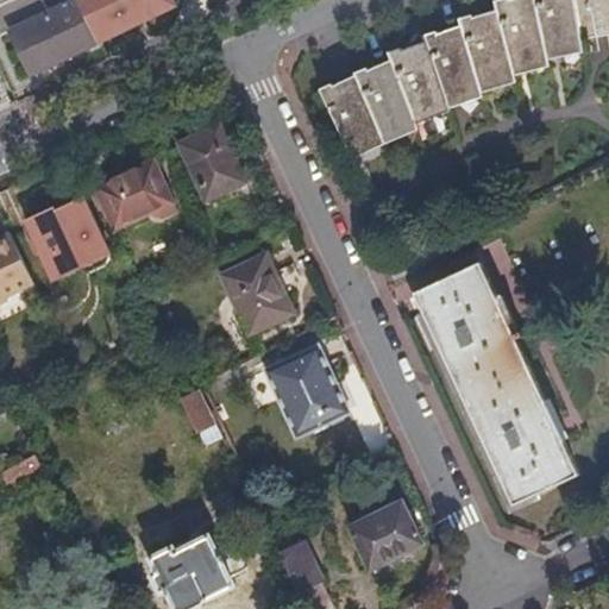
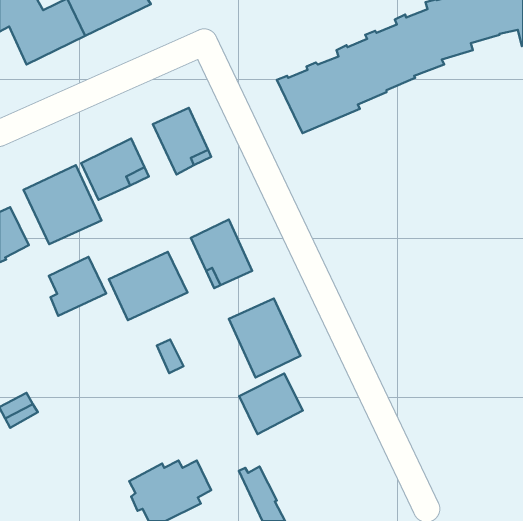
building: [414,262,575,504] -> none
building: none -> [109,252,187,320]
building: none -> [49,257,106,316]
building: [347,501,421,571] -> [239,374,303,434]

